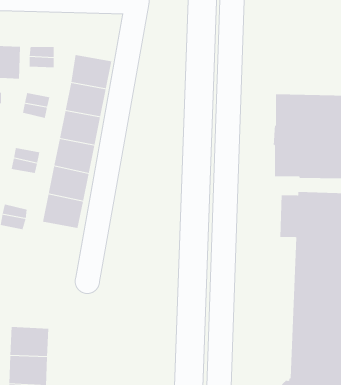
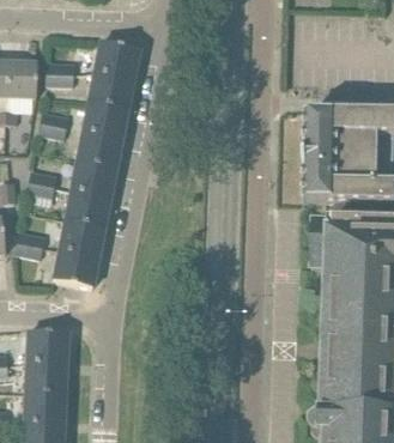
building: none -> [93,42,139,79]
building: none -> [53,250,97,287]
building: none -> [25,332,67,364]

